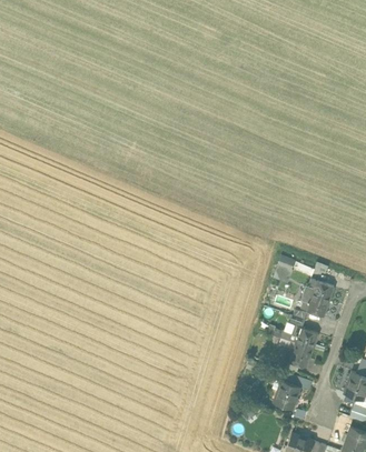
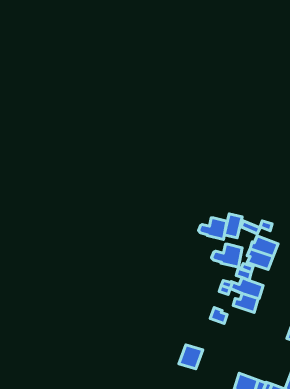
building: none -> [198,218,227,239]
building: none -> [212,244,242,267]
building: [273,381,299,408] -> [179,345,203,369]

